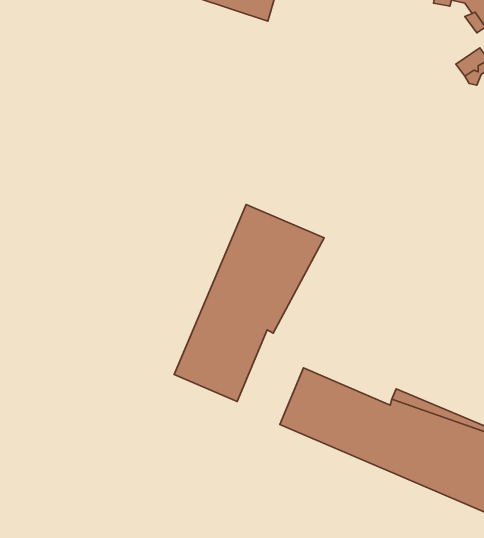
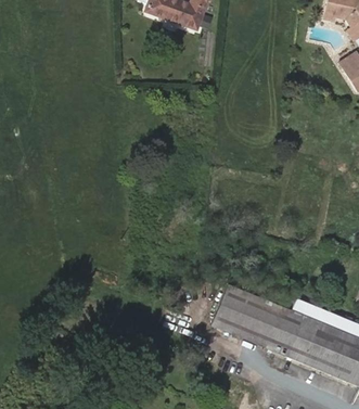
building: [174,205,324,401] -> none

